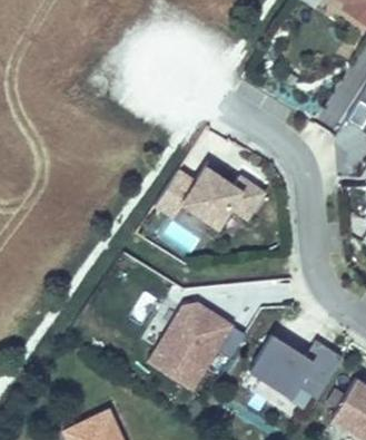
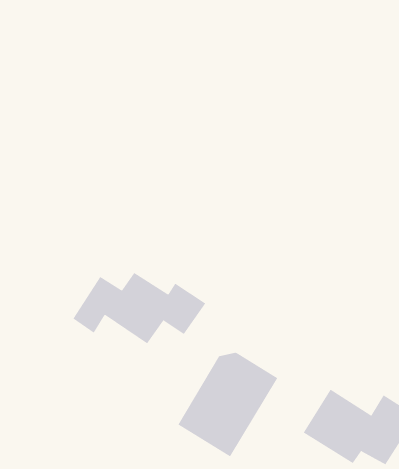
building: [155,168,264,227] -> [73,272,206,344]

